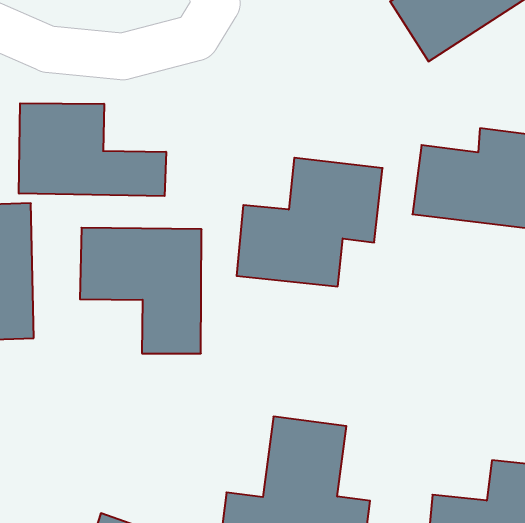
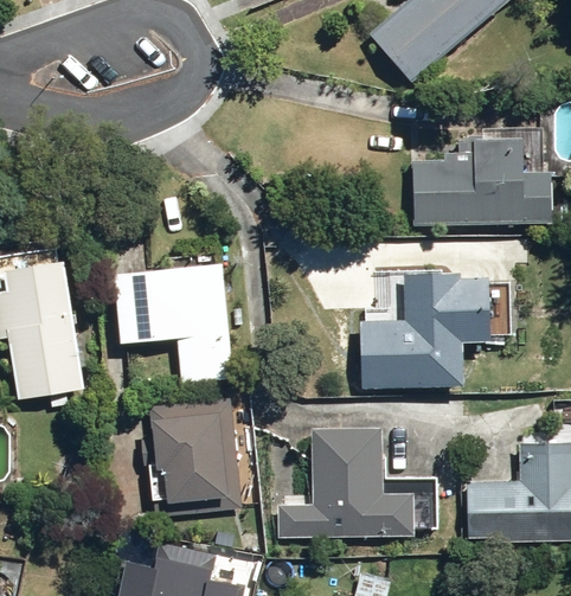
building: [19,103,166,196] -> none
building: [237,158,383,286] -> [360,274,486,391]
building: none -> [145,398,243,519]

